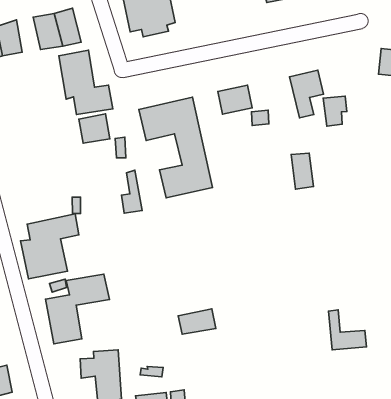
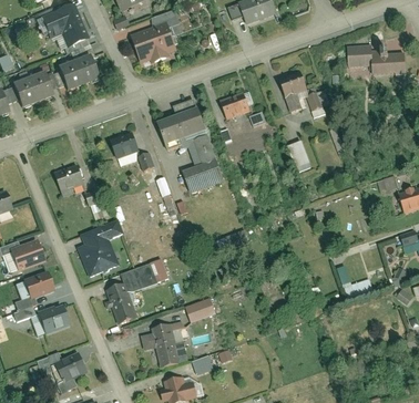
building: [59,50,113,114] -> none
building: none -> [54,165,83,193]
building: [178,309,216,334] -> [184,298,216,322]

